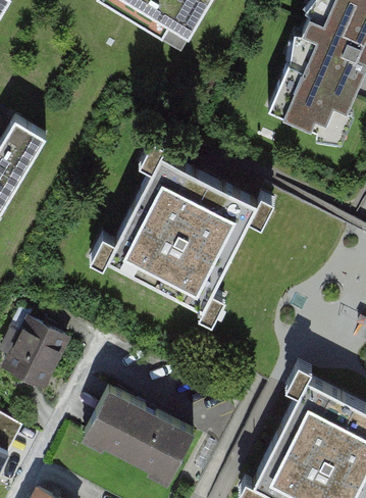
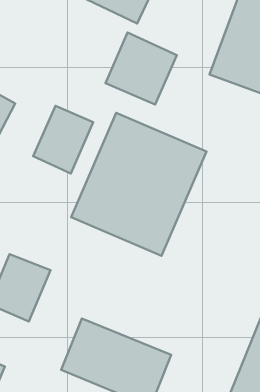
building: none -> [106,33,177,105]
building: none -> [33,106,93,174]

